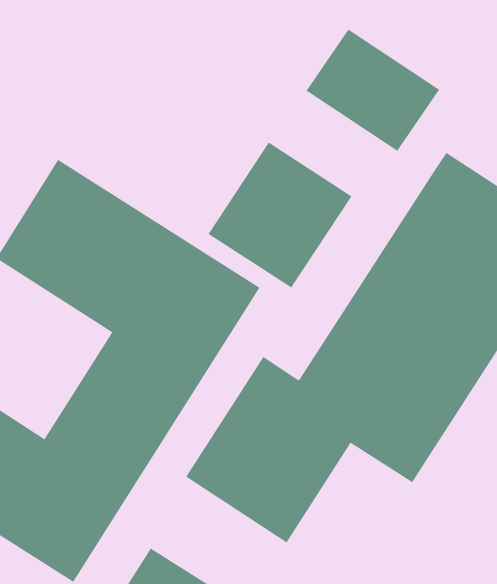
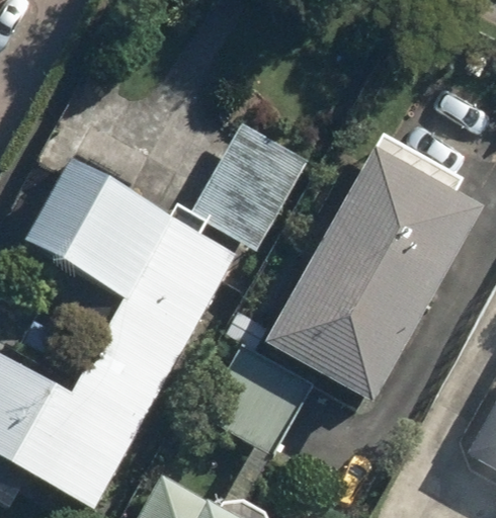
building: [305,28,440,152] -> none

